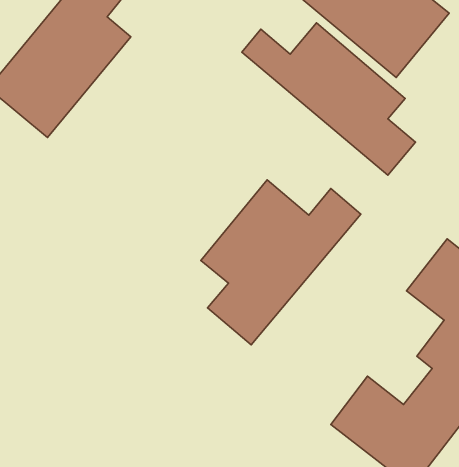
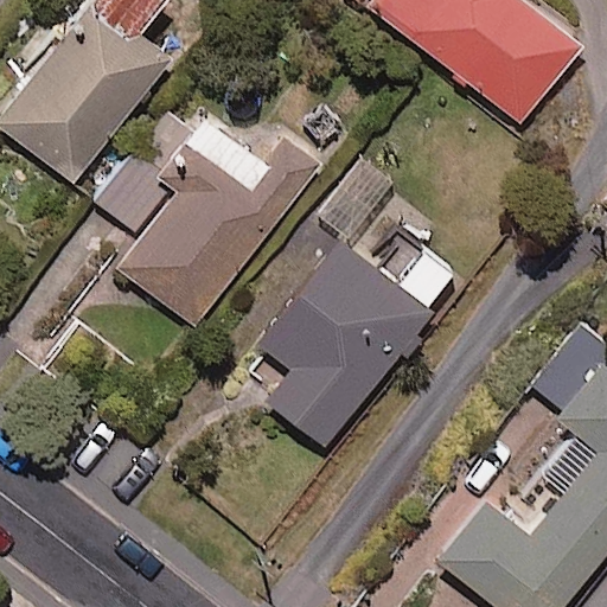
building: [242,23,415,175] -> none
building: none -> [96,117,321,327]

